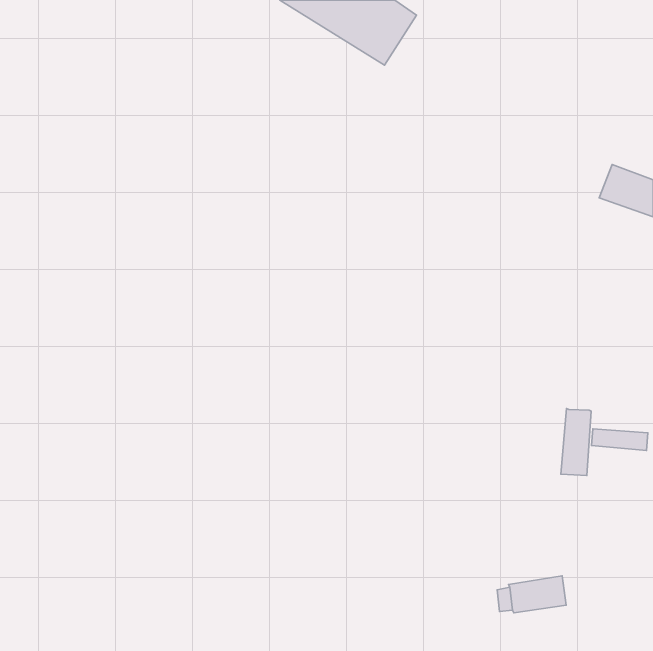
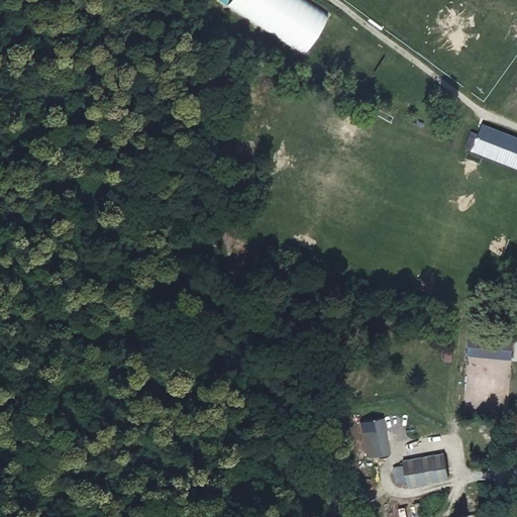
building: [561,408,591,475] -> none
building: none -> [360,418,389,456]

